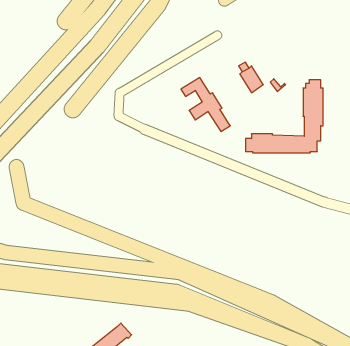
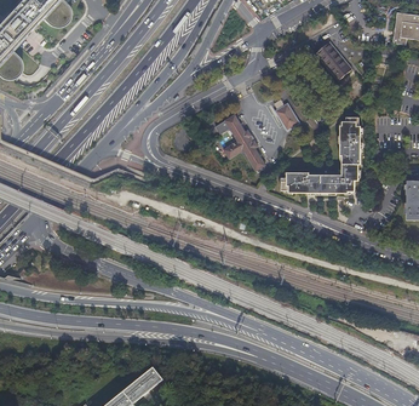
building: none -> [312,40,350,80]

